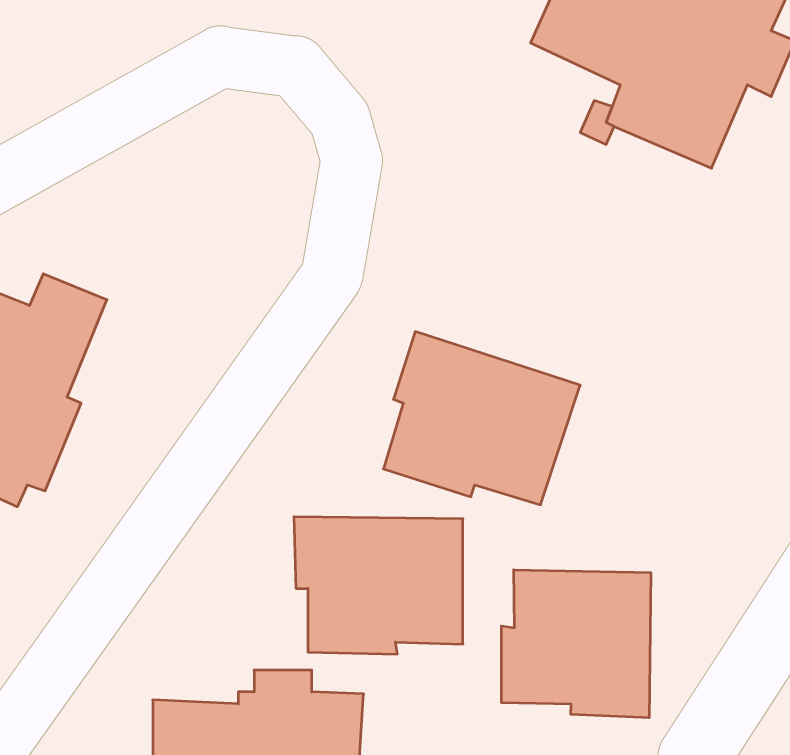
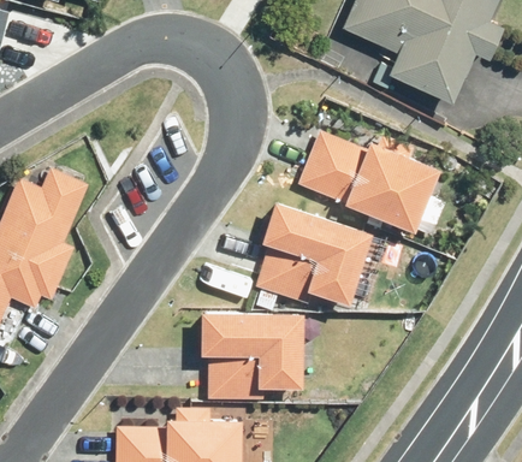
building: none -> [297,130,440,233]
building: [501,570,651,718] -> none

